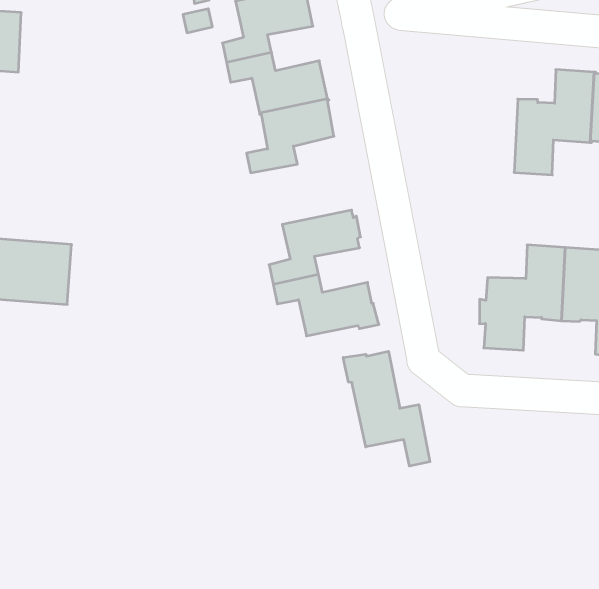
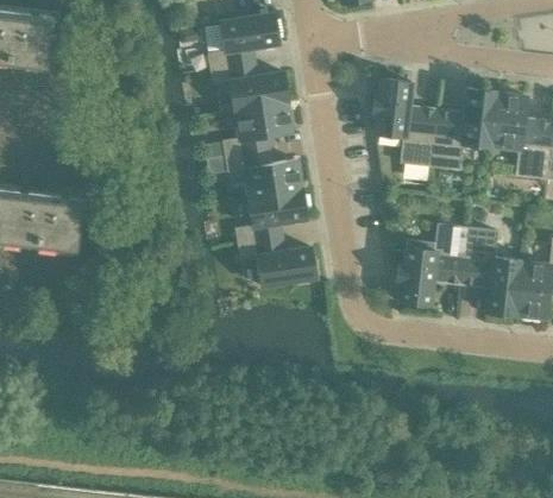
building: none -> [372,78,436,166]
building: none -> [225,151,302,197]
building: [343,351,430,466] -> none

